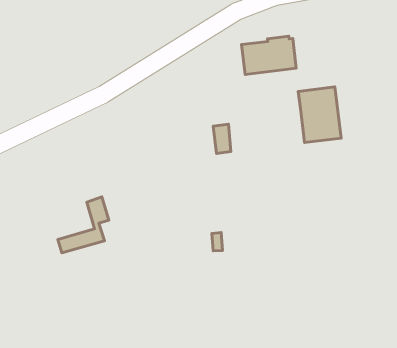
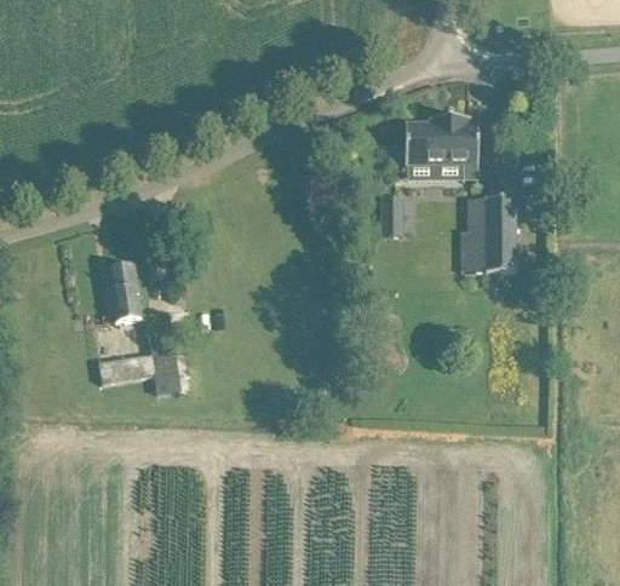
building: [213,124,231,153] -> [384,197,406,236]
building: none -> [110,264,145,322]

